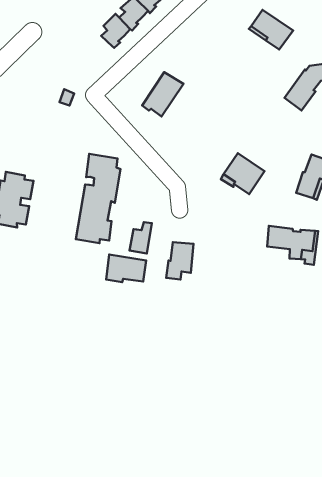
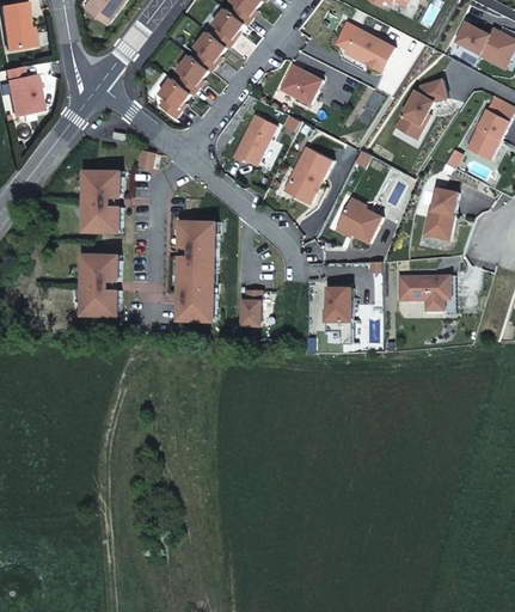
building: none -> [157,78,189,118]
building: none -> [280,65,321,104]
building: none -> [81,170,121,232]
building: none -> [282,147,331,204]
building: [166,242,193,280] -> [324,287,351,330]
building: [106,254,146,282] -> none

